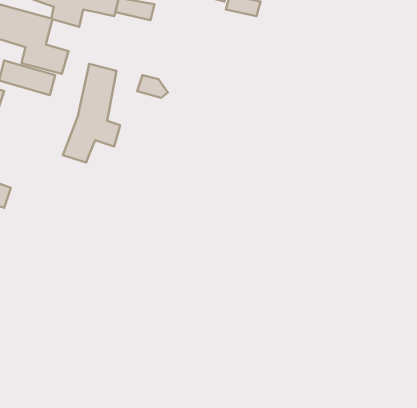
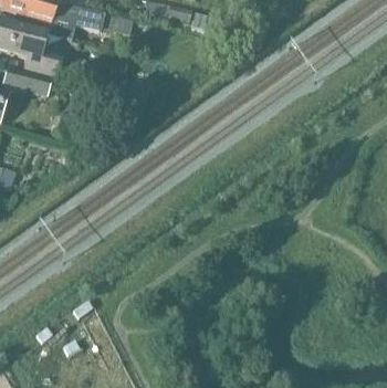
building: [63,64,120,163] -> none

